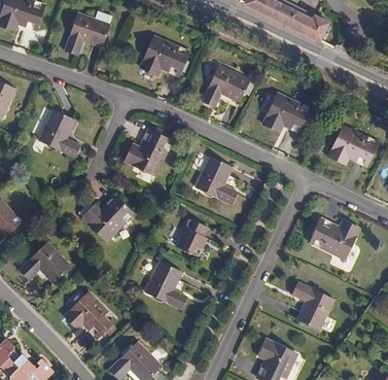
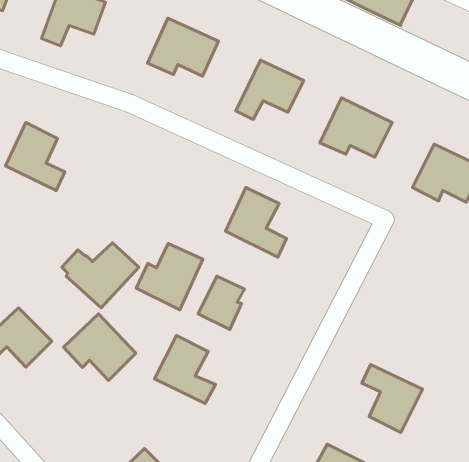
building: [125,129,172,176] -> [136,243,203,310]
building: [309,217,359,258] -> none
building: [64,291,115,339] -> [64,314,136,381]

